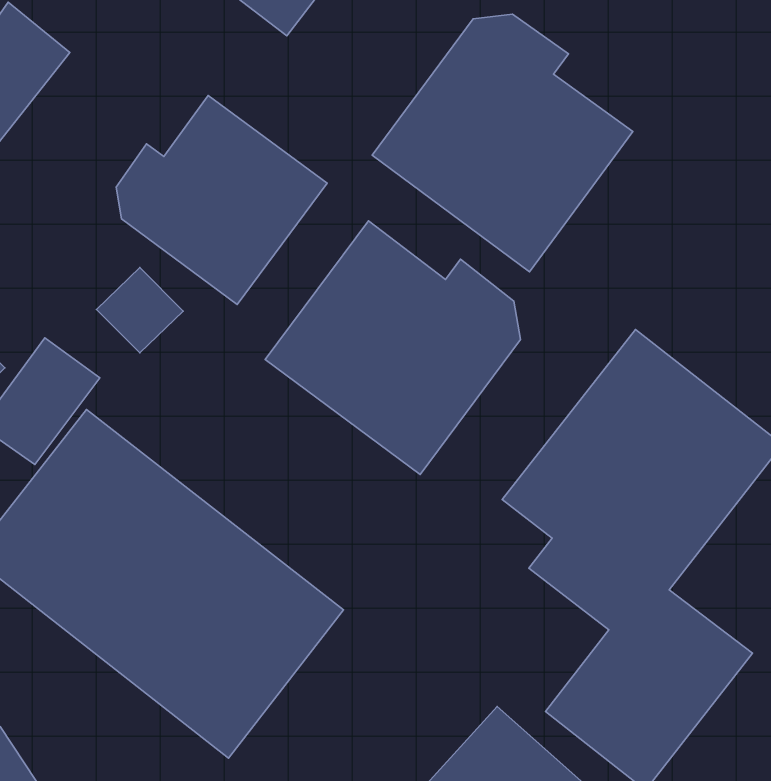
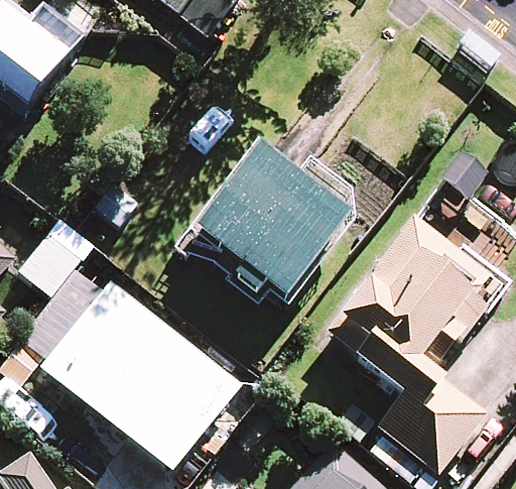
building: [372,14,633,272] -> none
building: [116,95,327,305] -> none

